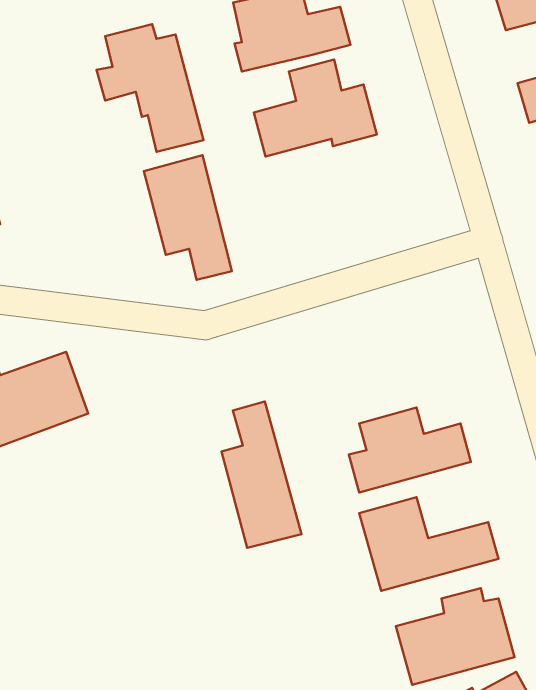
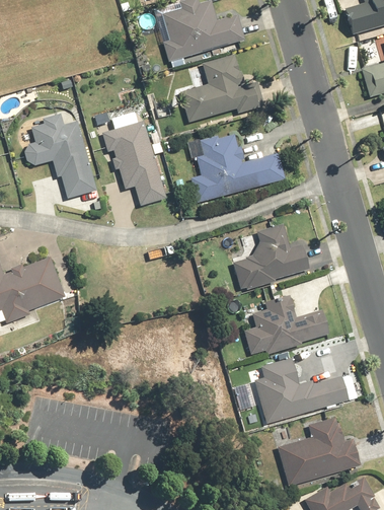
building: [96,24,203,152] -> [24,113,98,201]
building: none -> [193,133,287,201]
building: none -> [236,222,309,285]
building: [221,402,301,548] -> none

